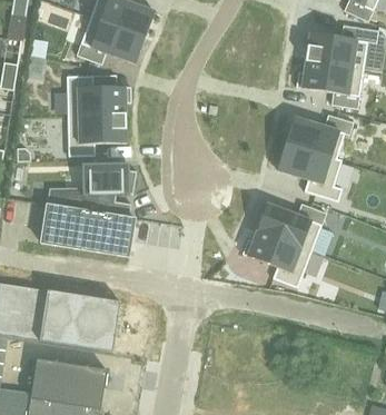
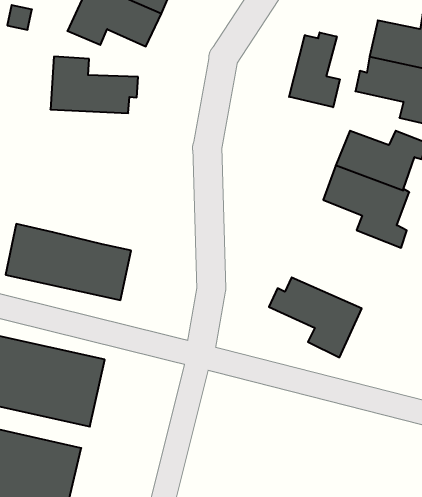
building: none -> [289,32,340,107]
building: [67,113,127,155] -> none
building: [75,162,137,214] -> none
building: [257,202,334,255] -> none

